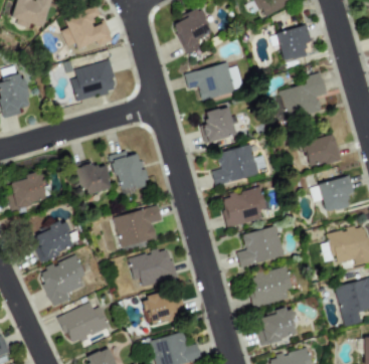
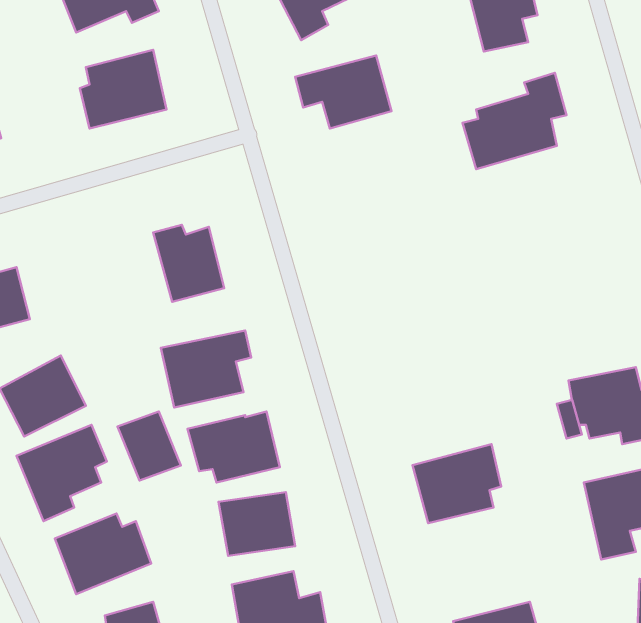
building: [201,108,236,144] -> none
building: [302,134,340,169] -> none
building: [211,145,258,186] -> none
building: [75,162,112,196] -> none
building: [319,177,353,212] -> none
building: [220,188,265,227] -> none
building: [236,226,285,267] -> none
building: none -> [117,411,181,481]
building: [257,309,297,345] -> none

